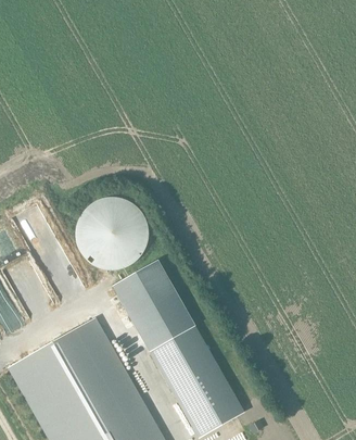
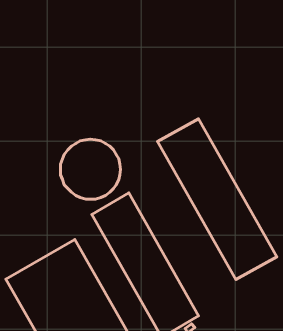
building: none -> [158,119,277,279]

